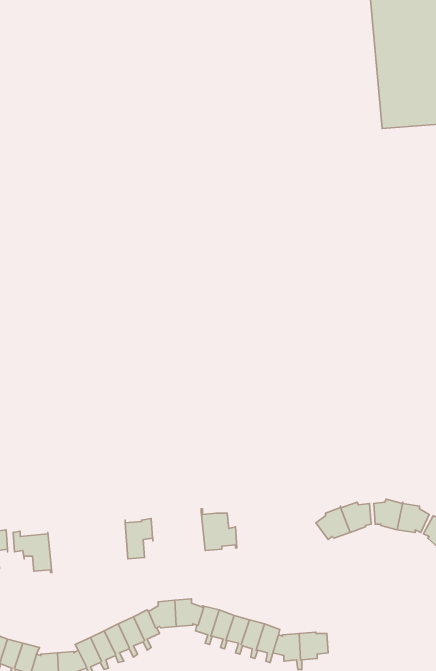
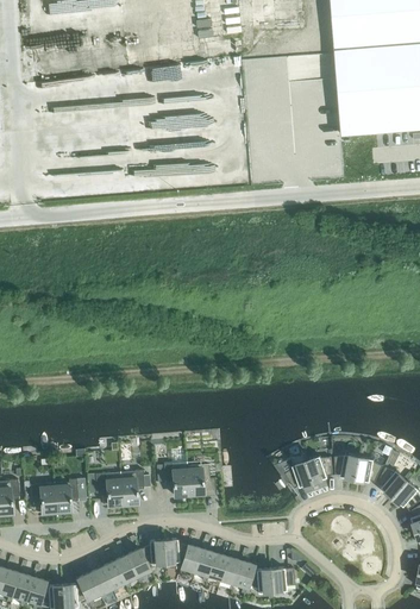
building: none -> [163,463,189,497]
building: none -> [95,471,123,506]
building: none -> [54,479,79,516]

